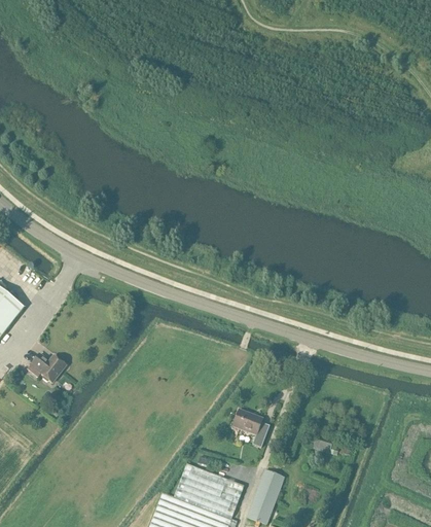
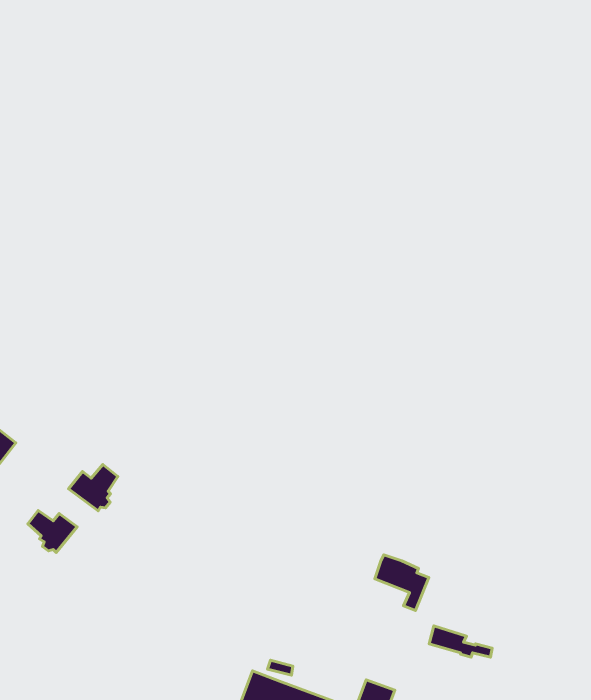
building: none -> [69,465,118,511]
building: [232,409,270,447] -> [375,555,429,610]

